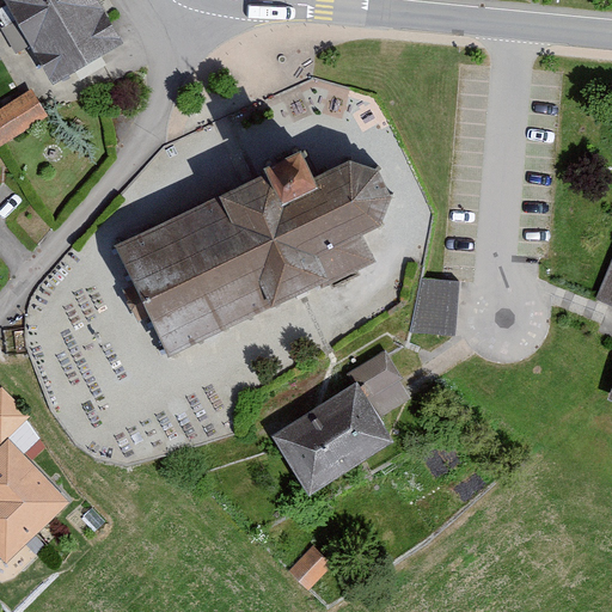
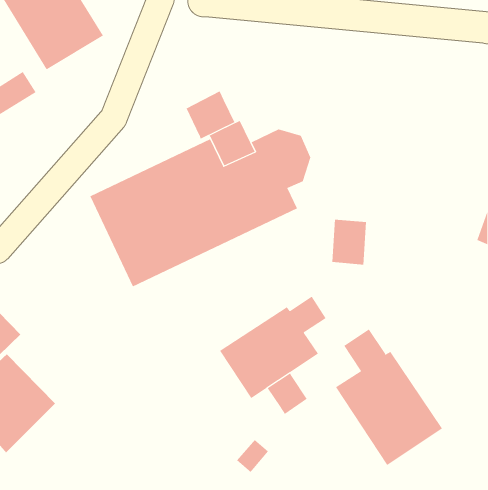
building: none -> [186,91,235,139]
building: none -> [335,329,443,466]
building: none -> [267,373,307,415]

